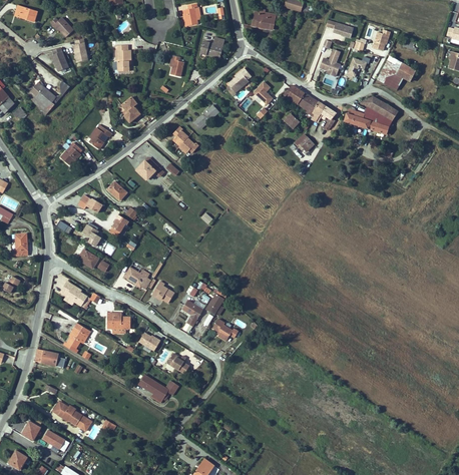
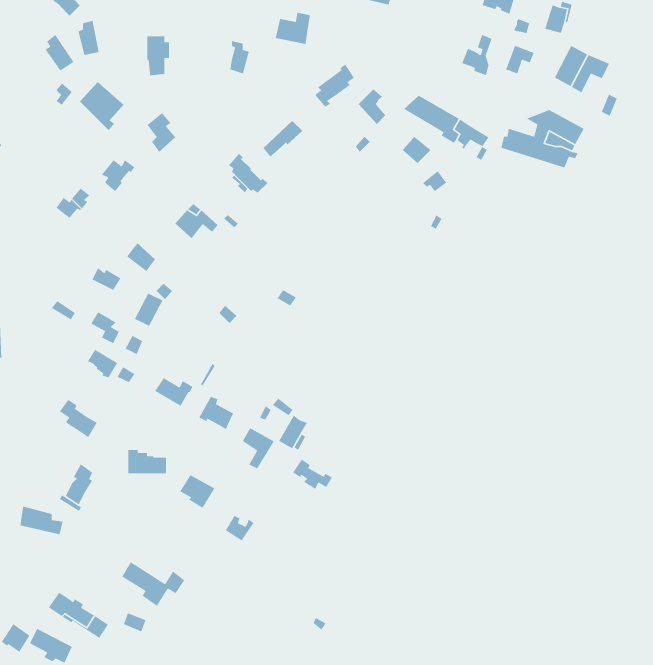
building: [28,84,57,116] -> [79,81,124,131]
building: [135,375,176,404] -> [121,561,185,607]

